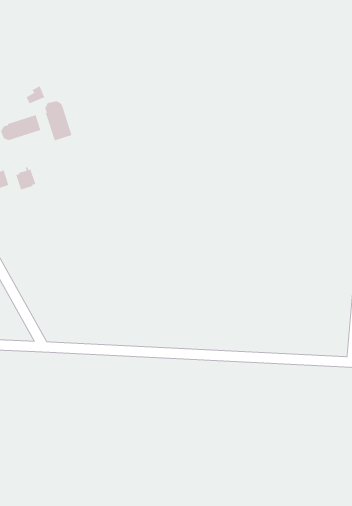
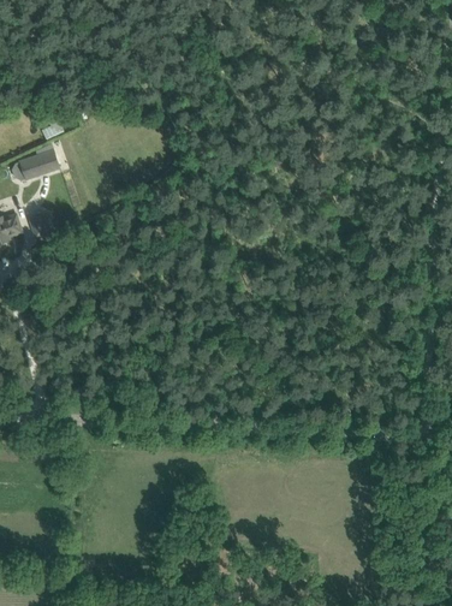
building: [45,101,72,141] -> none

